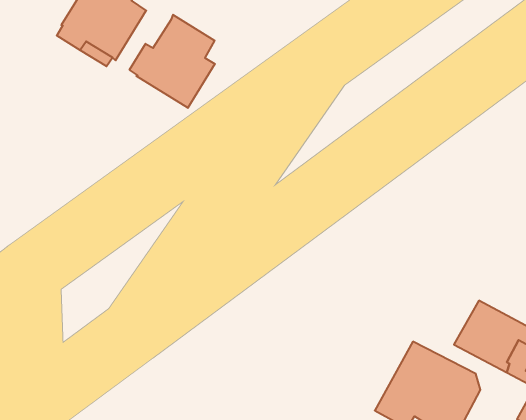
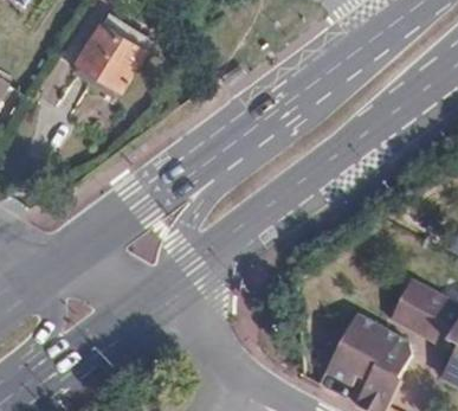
building: [130,15,215,108] -> none

